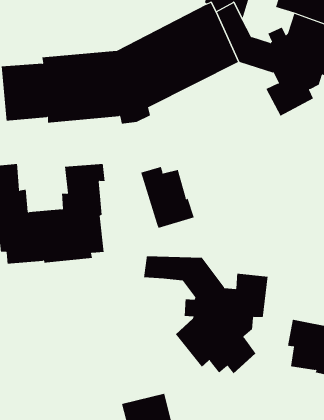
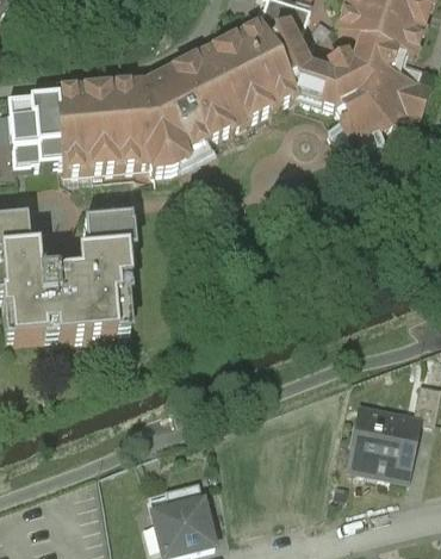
building: [141,166,194,228] -> none
building: [144,255,268,374] -> none

